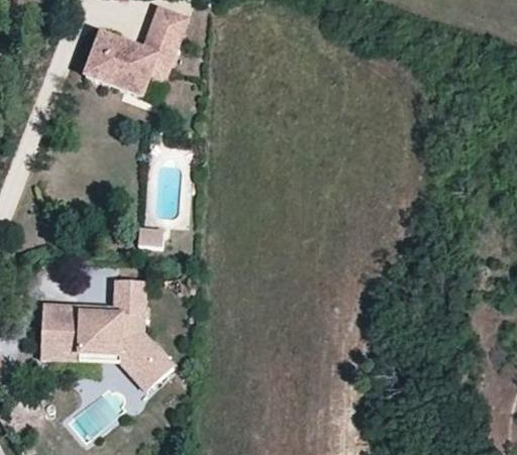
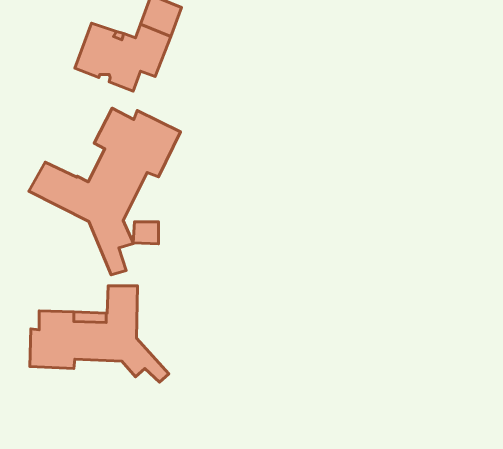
building: none -> [29,108,181,275]
building: [83,351,166,389] -> none

